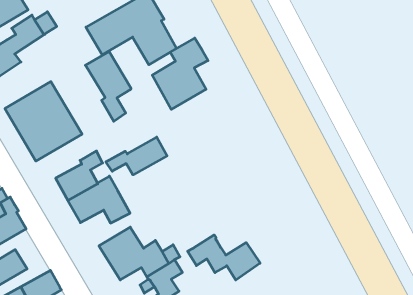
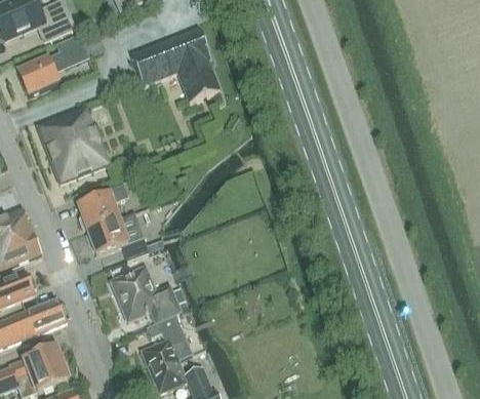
building: [152,38,208,109] -> none
building: [85,51,131,121] -> none
building: [106,137,167,175] -> none
building: [188,235,260,280] -> none

